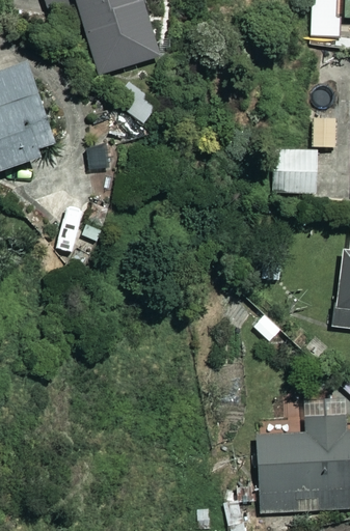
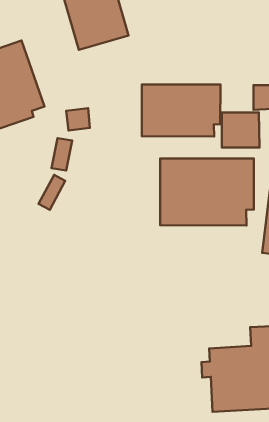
building: none -> [142,84,220,137]
building: none -> [160,159,254,226]

